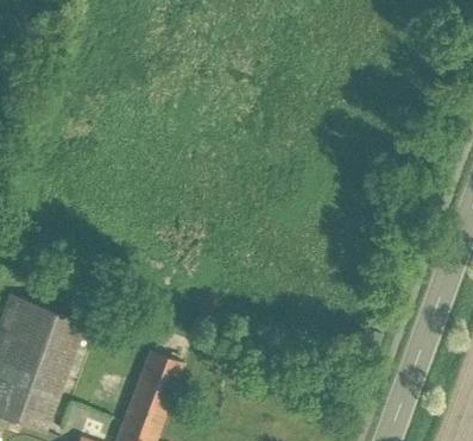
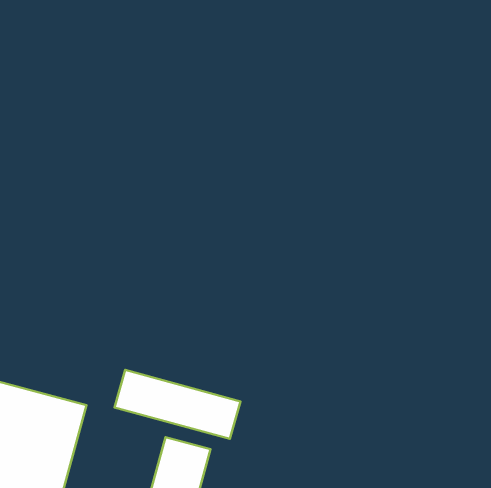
building: none -> [115,370,241,439]

